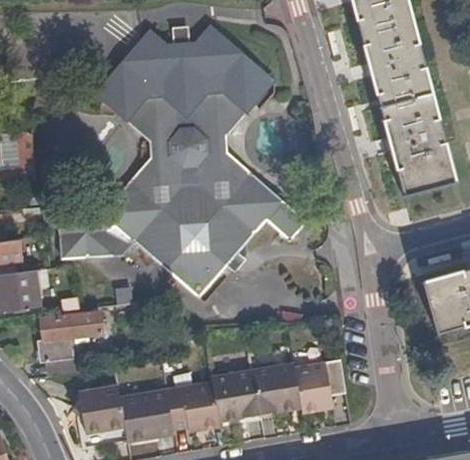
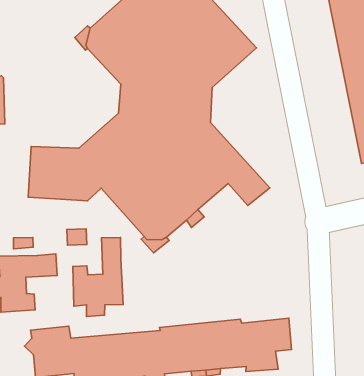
building: none -> [73,238,123,316]

